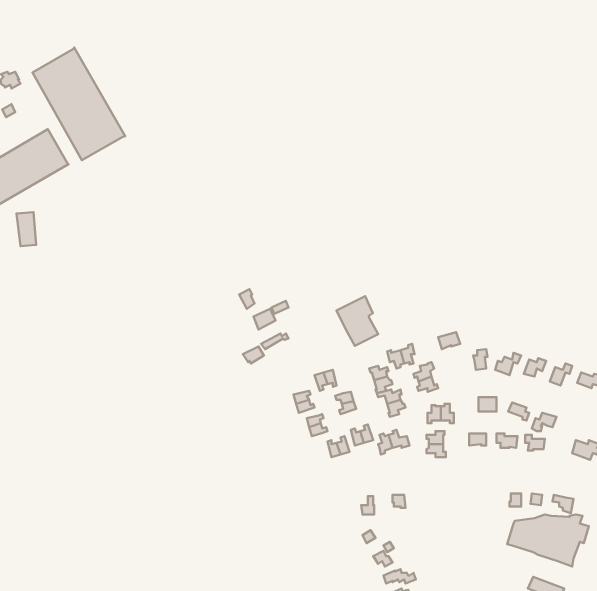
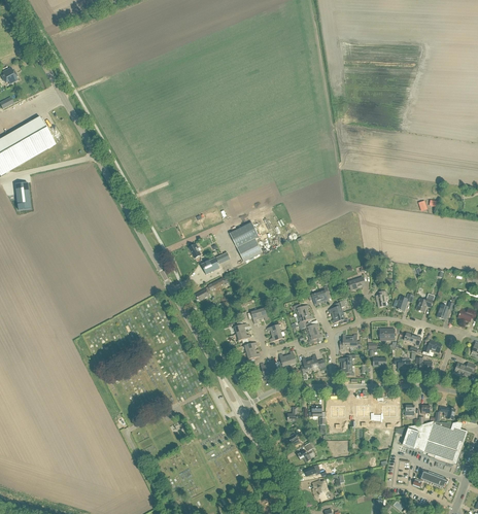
building: [32,48,125,160] -> none
building: [336,296,378,346] -> [229,221,262,261]

